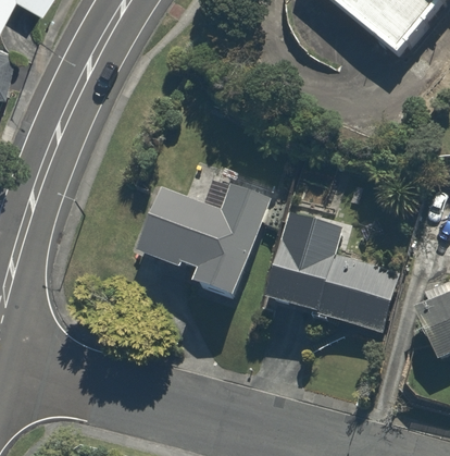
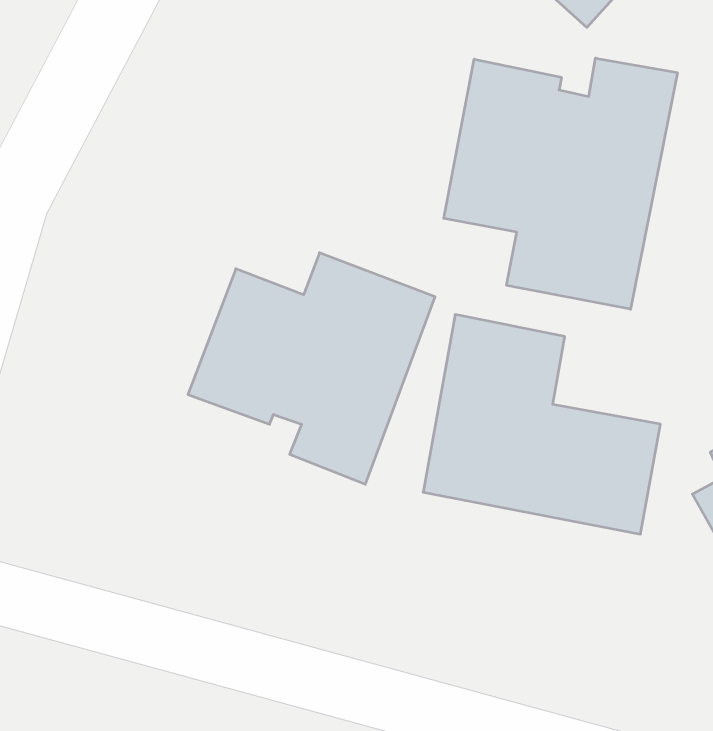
building: none -> [444,58,677,309]

